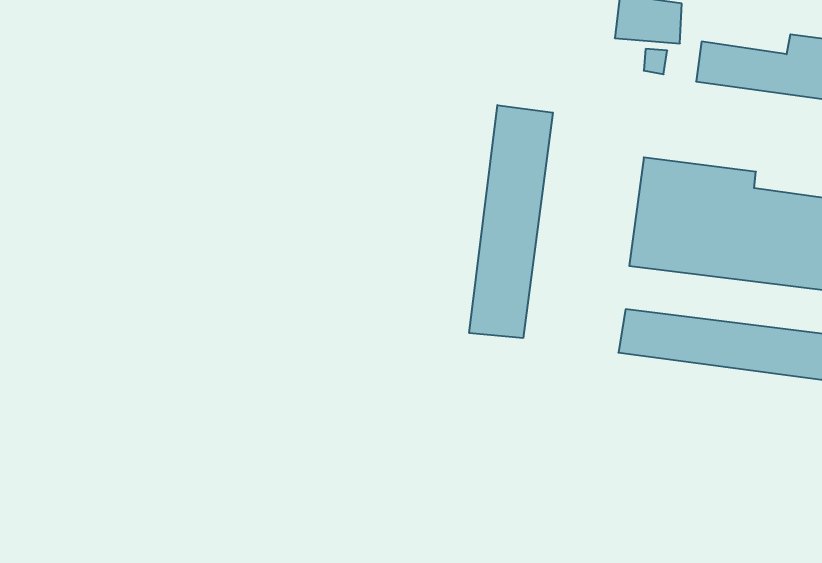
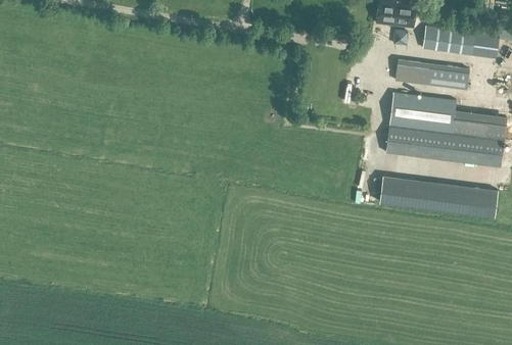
building: none -> [395,60,470,90]
building: [469,105,553,338] -> none

